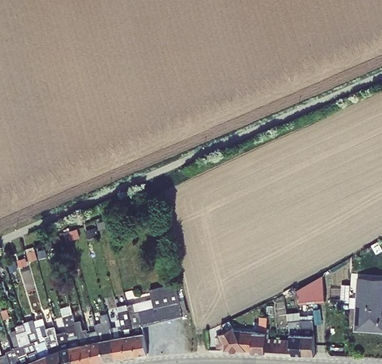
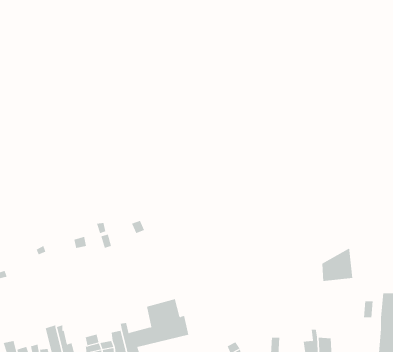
building: [296,276,324,306] -> [321,248,353,282]

